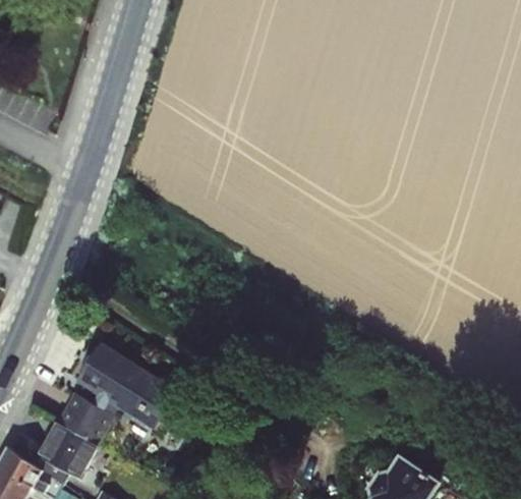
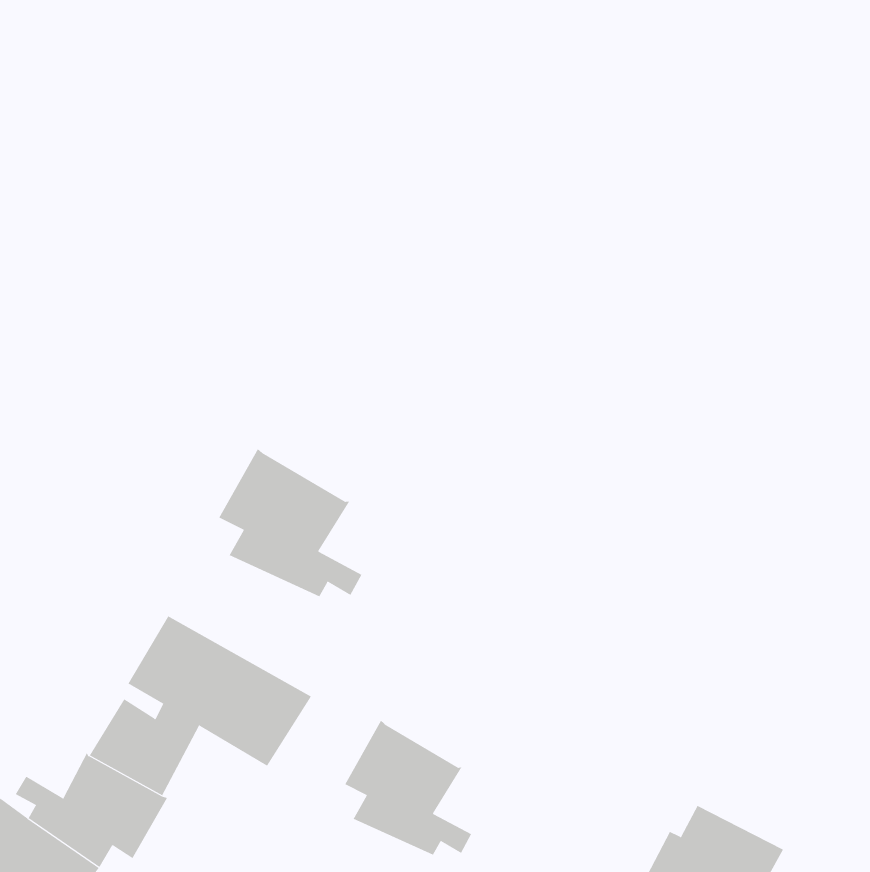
building: none -> [219,448,362,597]
building: none -> [344,720,472,856]

